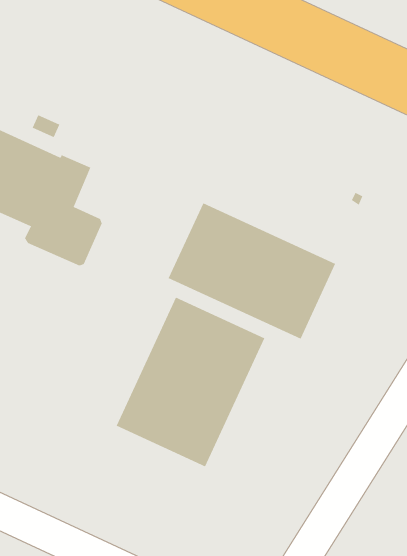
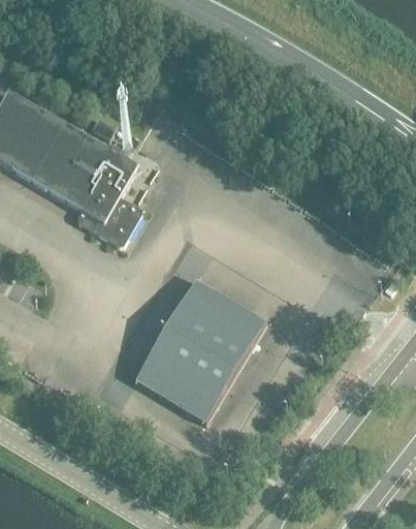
building: [168,202,336,340] -> none

